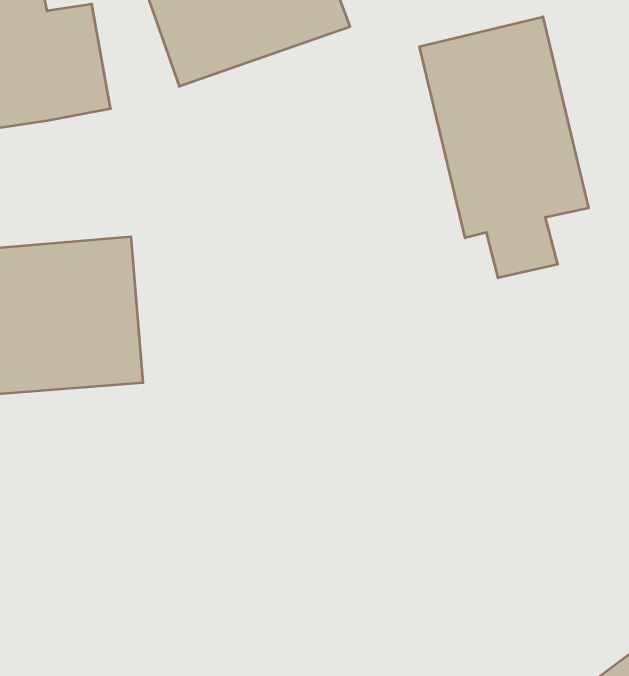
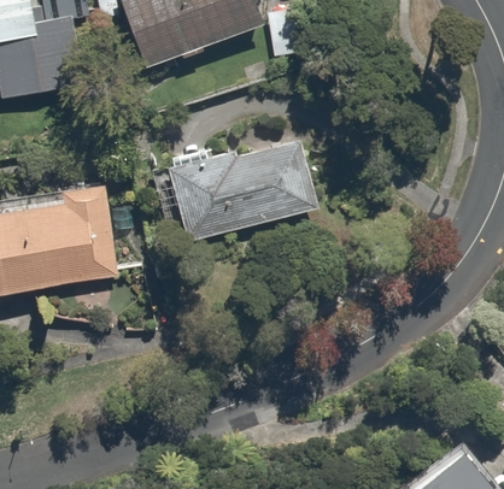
building: [419,17,589,278] -> none
building: none -> [165,125,315,241]

